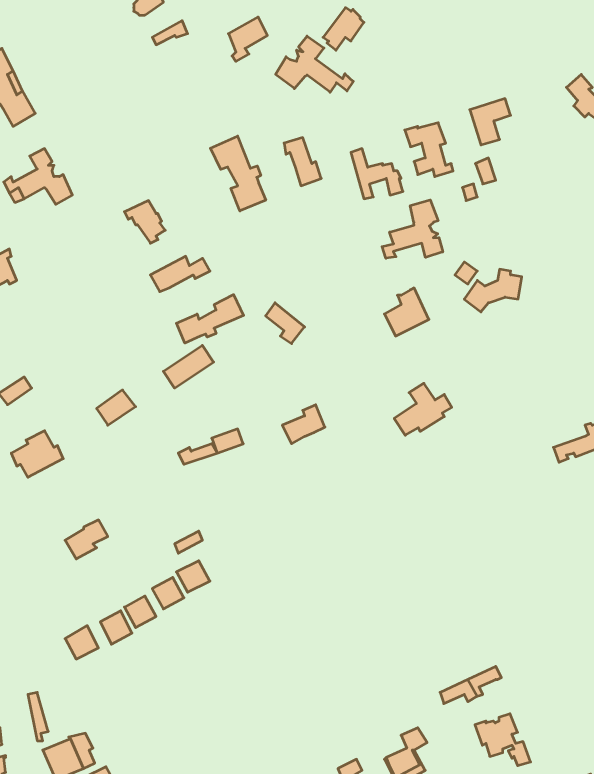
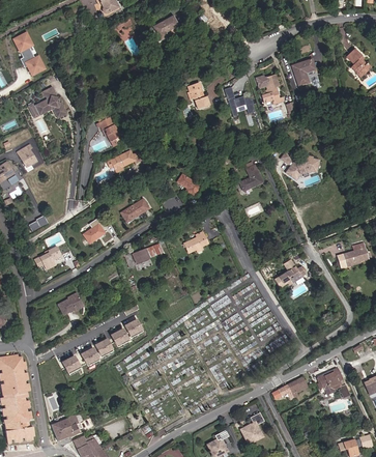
building: [276,36,353,92] -> none
building: [210,136,266,211] -> none
building: [382,200,443,258] -> none
building: [176,295,244,343] -> none
building: [394,383,452,435] -> [274,260,307,289]
building: [475,714,531,766] -> [319,367,350,396]

